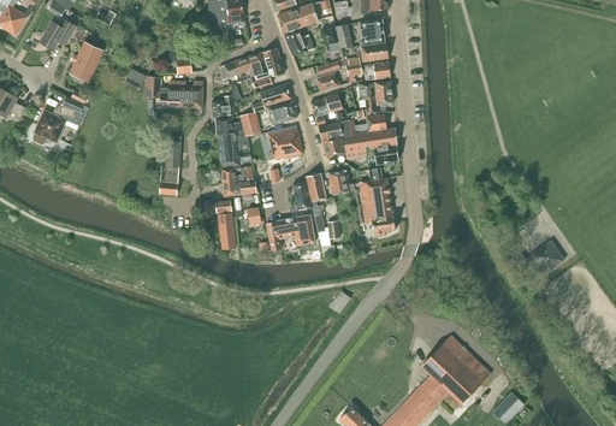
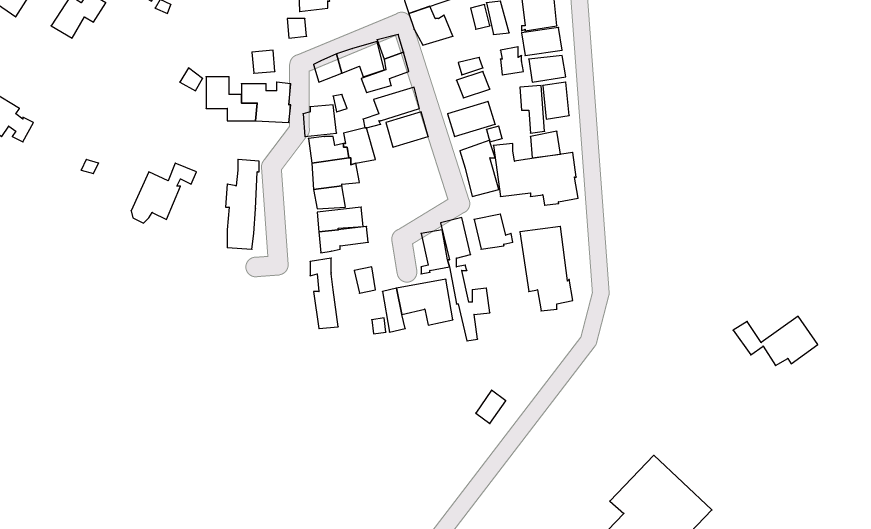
building: [70,43,101,82] -> none
building: [31,105,76,146] -> [131,163,196,223]
building: [267,126,301,159] -> none

